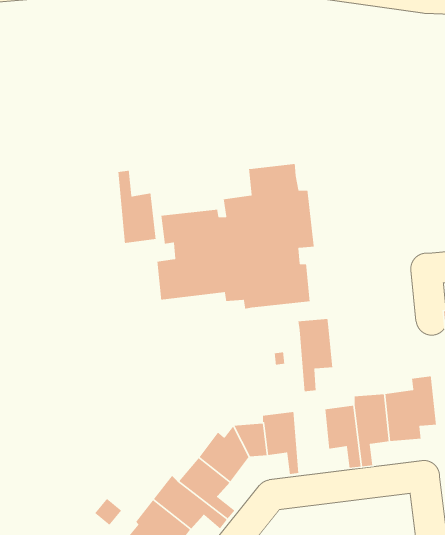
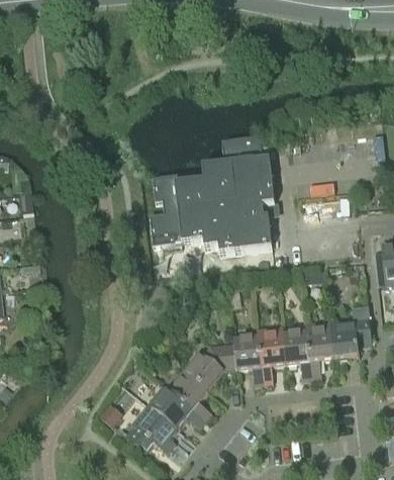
building: [118,170,156,244] -> none
building: [297,318,333,392] -> [258,325,286,384]

